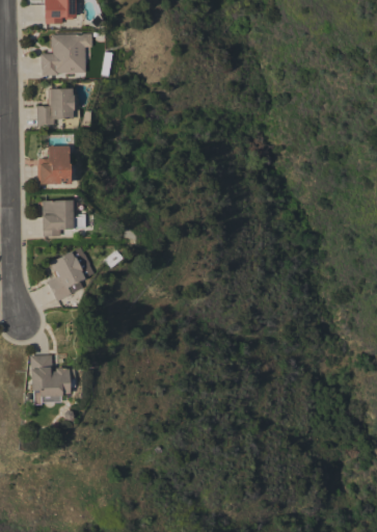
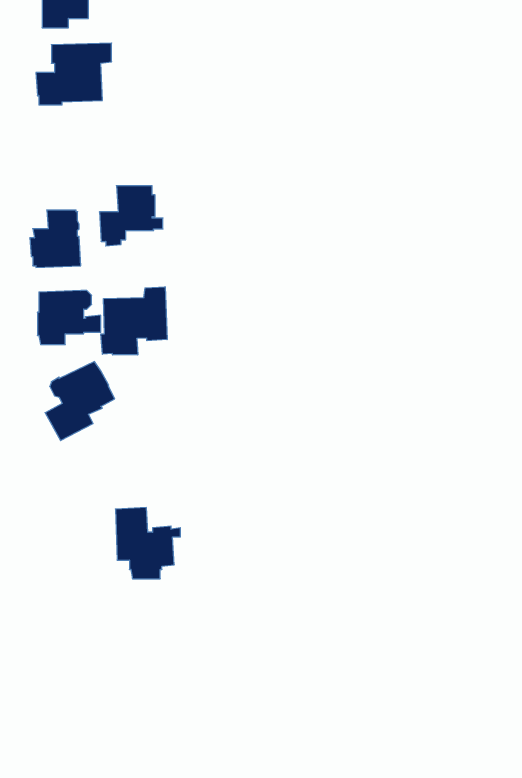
building: [36,88,79,129] -> [99,186,163,246]
building: none -> [101,287,167,355]
building: [30,354,74,402] -> [115,508,180,579]

